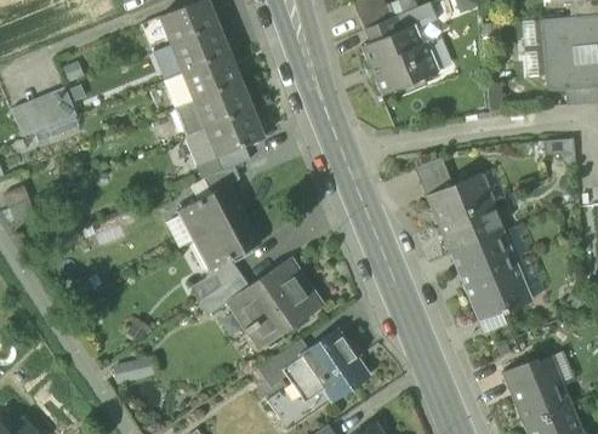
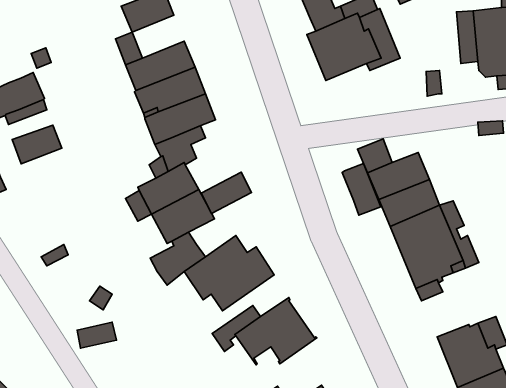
building: [172,25,228,72] -> none
building: none -> [12,125,62,164]
building: none -> [342,163,381,215]
building: none -> [201,172,251,213]

